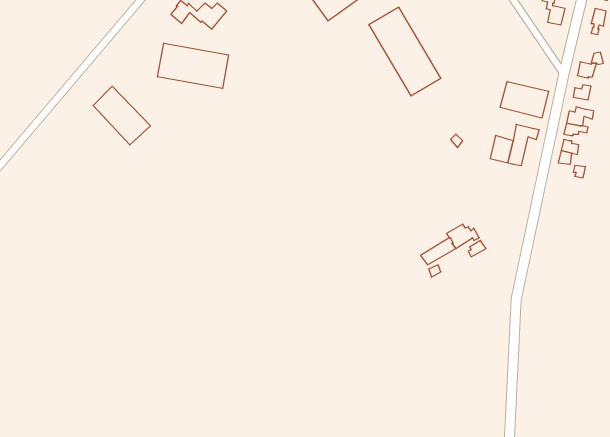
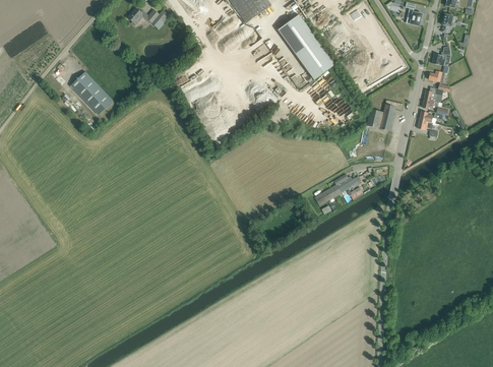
building: [158,43,229,89] -> none
building: [500,81,548,118] -> none

